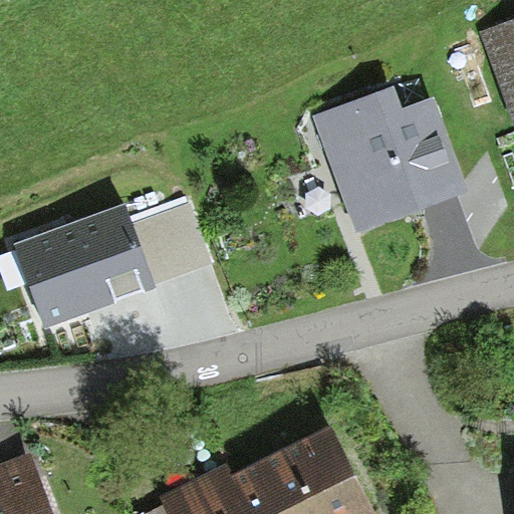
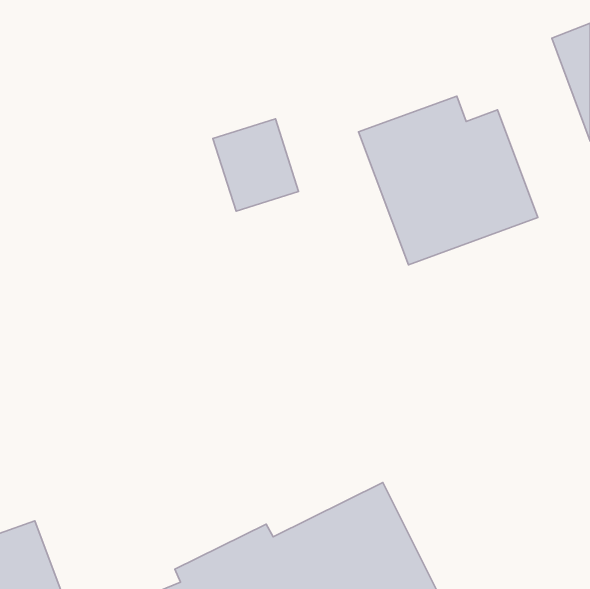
building: [143,202,217,282] -> [213,119,299,211]
building: [14,208,156,327] -> none

